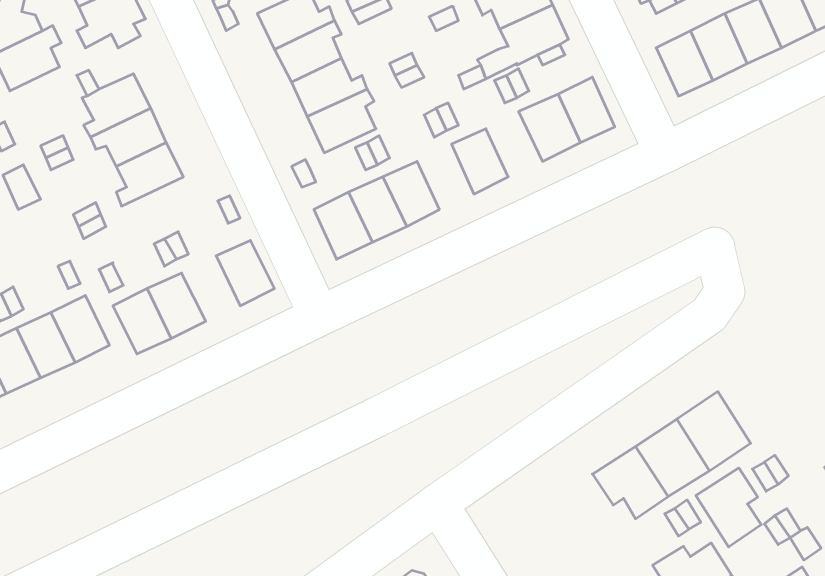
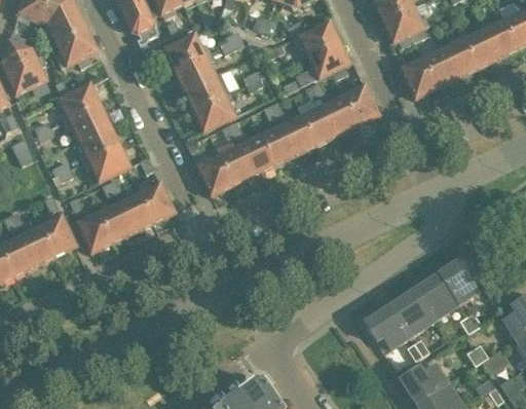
building: none -> [300,106,334,145]
building: none -> [259,125,293,164]
building: none -> [82,145,129,180]
building: none -> [118,192,153,231]
building: [696,468,761,547] -> [439,257,478,304]

